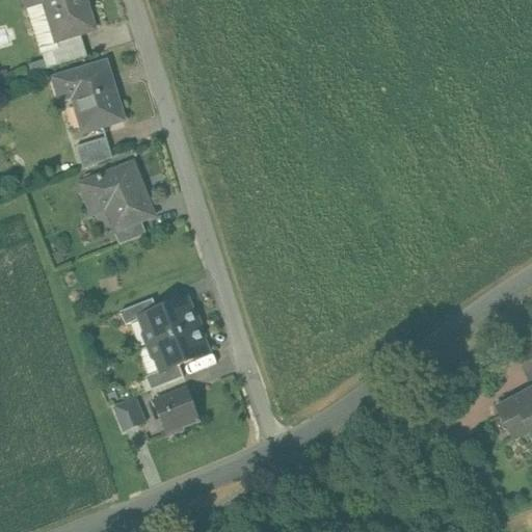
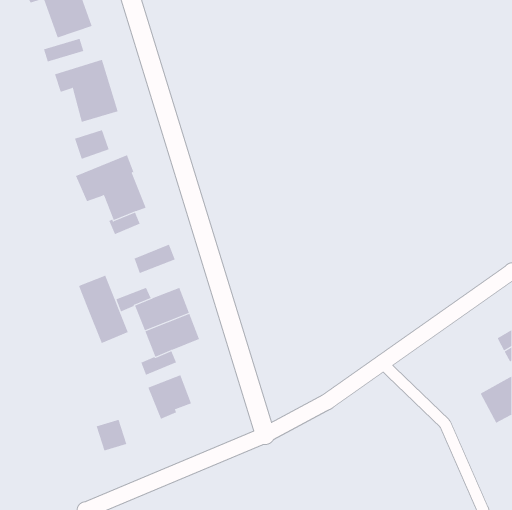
building: none -> [134,244,176,274]
building: none -> [78,275,129,344]
building: [113,394,145,427] -> [96,419,127,451]

